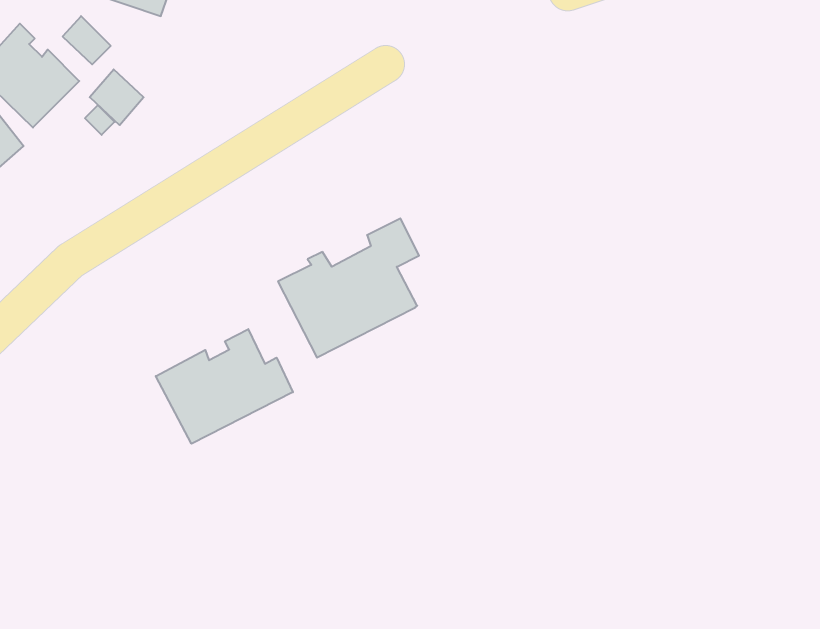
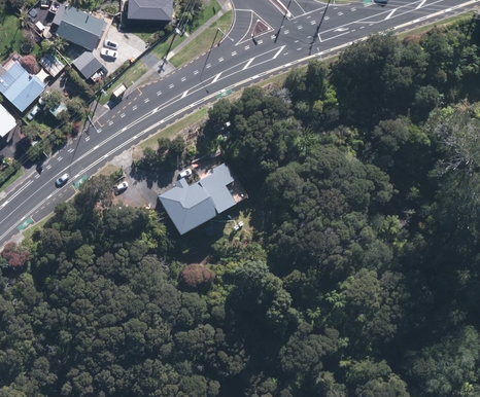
building: [90,69,144,125] -> [73,47,103,78]
building: [156,329,293,444] -> none

